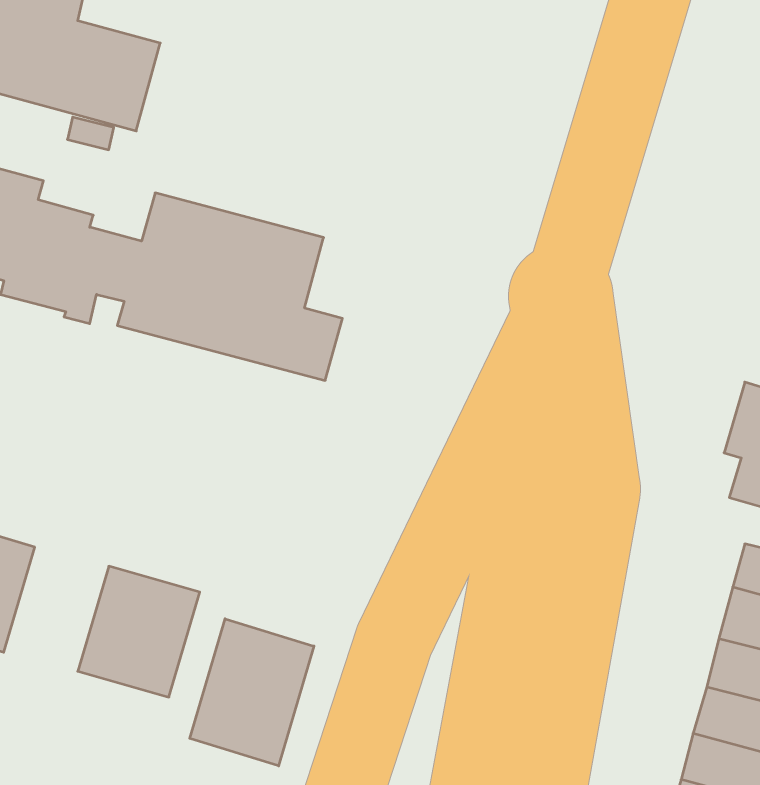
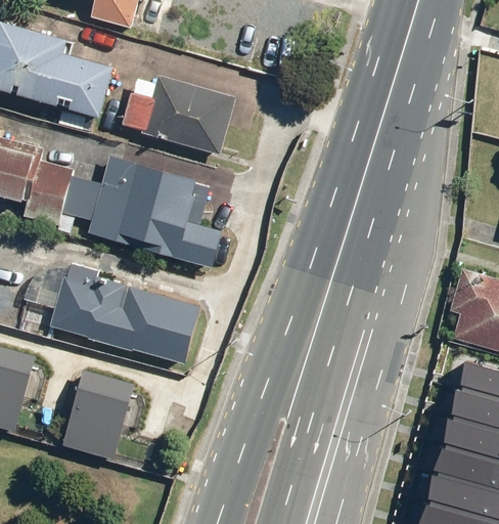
building: none -> [123,76,235,154]
building: none -> [35,257,200,363]
building: [190,619,314,766] -> none

